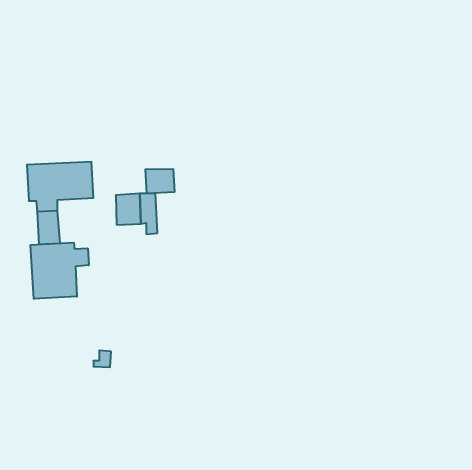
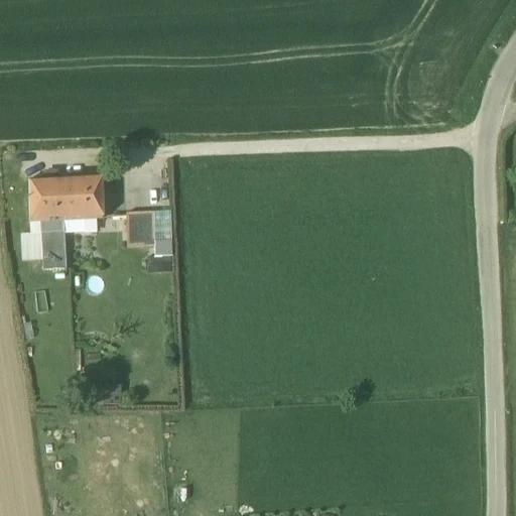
building: [145,169,174,193] -> none
building: [31,243,89,299] -> none

